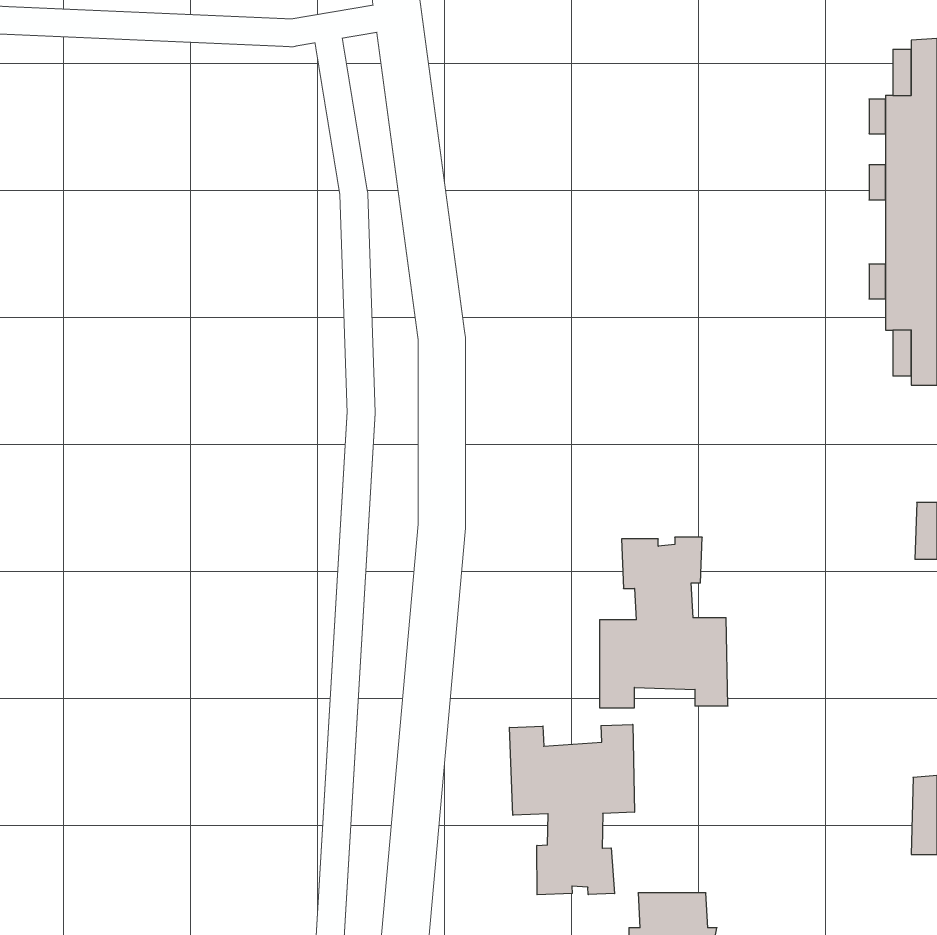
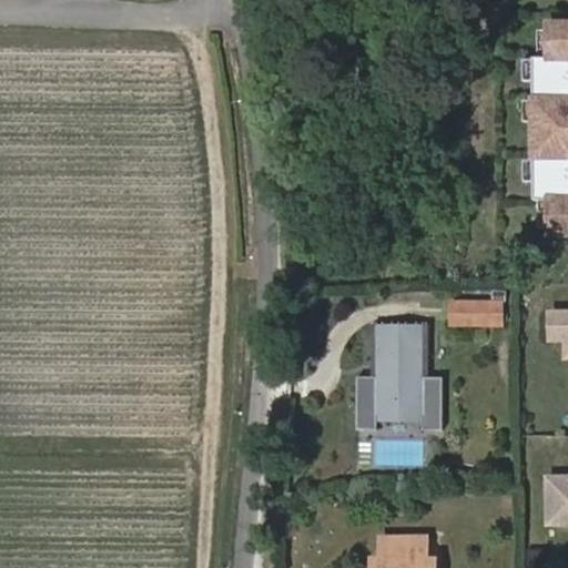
building: none -> [455,294,505,322]
building: [509,724,634,895] -> none

